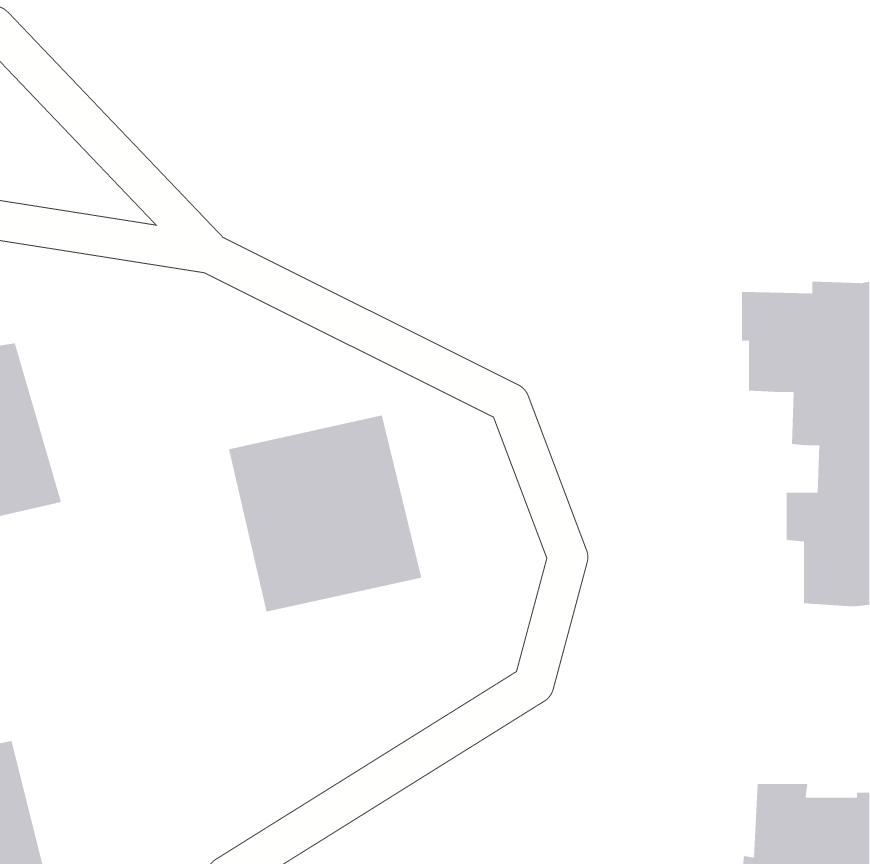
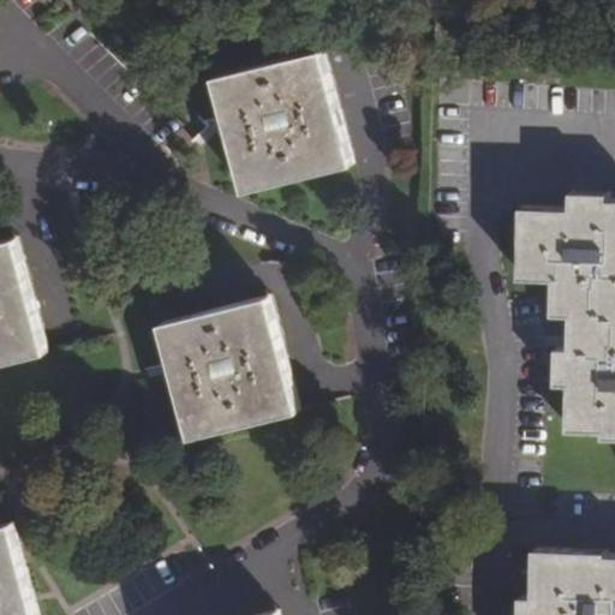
building: none -> [214,52,350,193]

